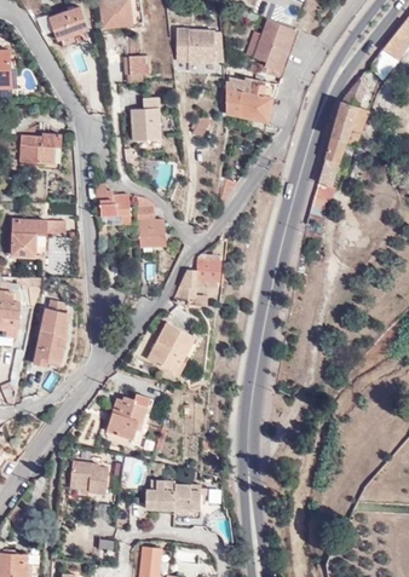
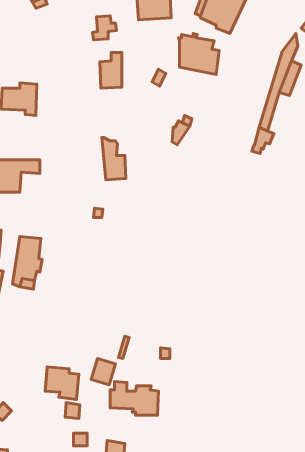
building: [94,183,128,223] -> none
building: [171,253,221,296] -> none
building: [149,321,200,375] -> none
building: [106,392,151,443] -> none

